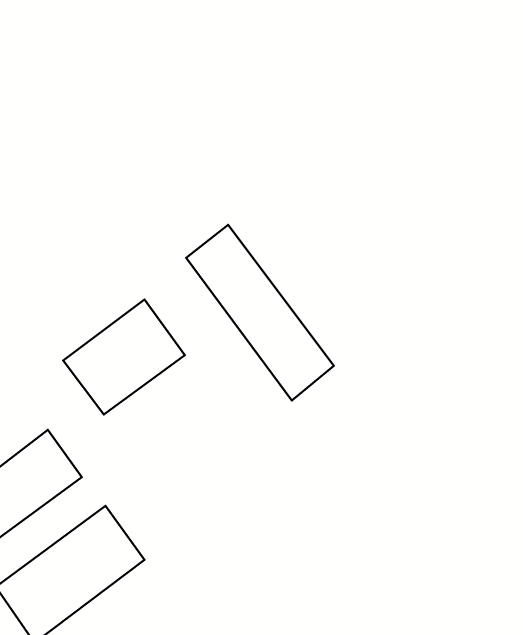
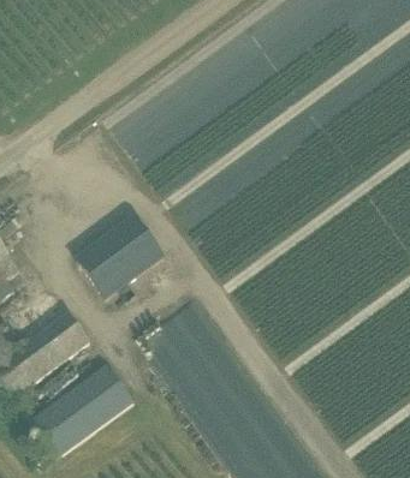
building: [186,225,334,400] -> none

